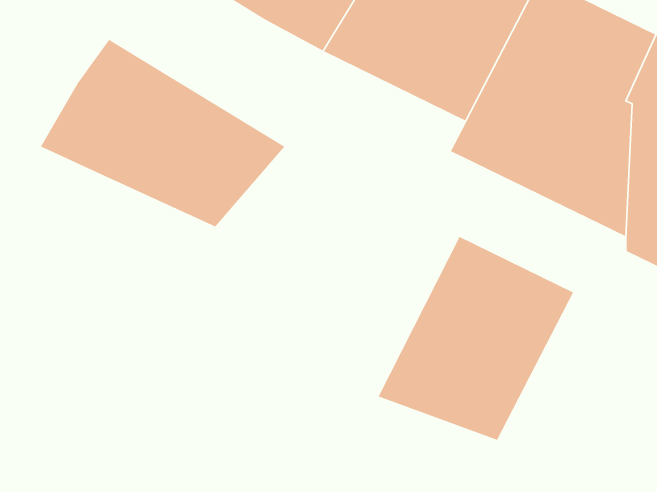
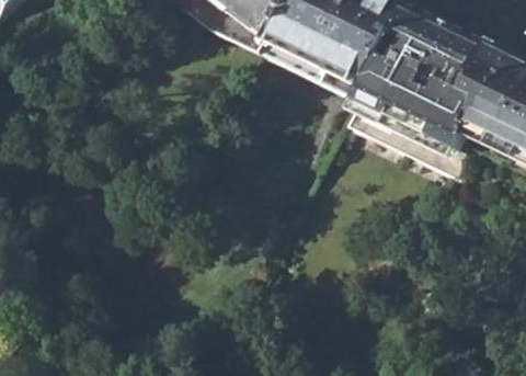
building: [40,39,285,228] -> none
building: [378,236,574,441] -> none

